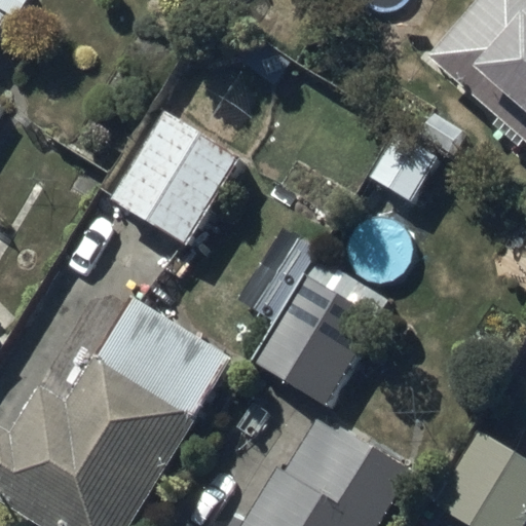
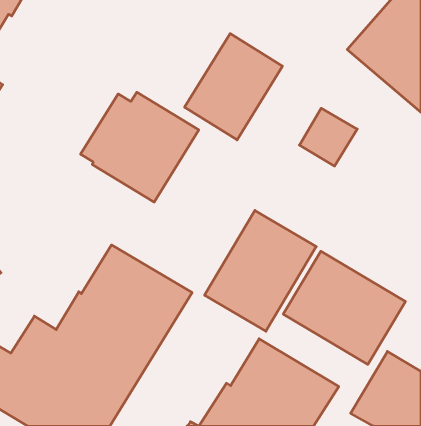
building: none -> [185,34,282,140]
building: none -> [283,251,405,364]

